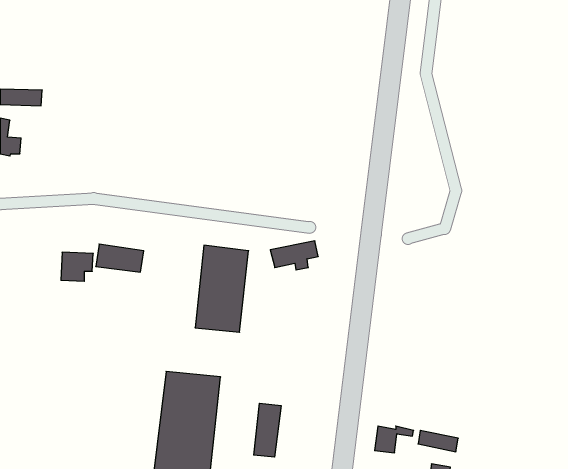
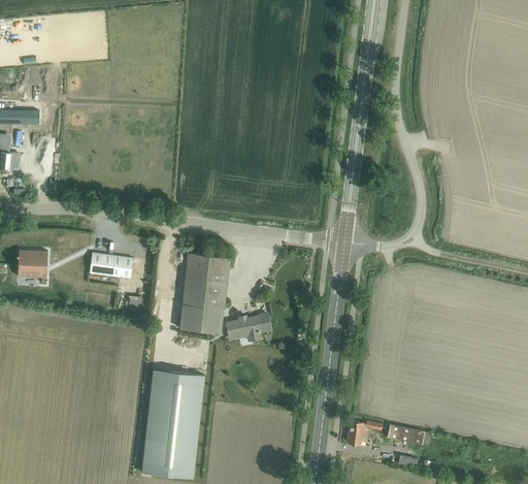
building: [270,241,318,270] -> [225,314,269,341]
building: [61,252,93,281] -> [18,250,47,277]
building: [254,403,281,457] -> none

